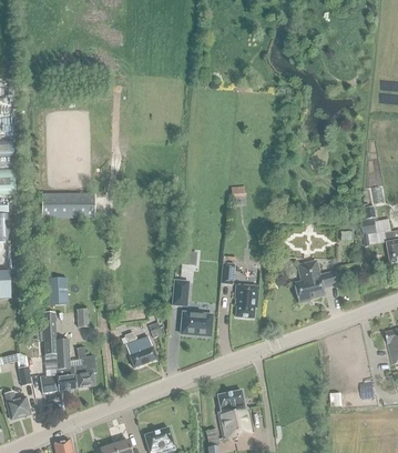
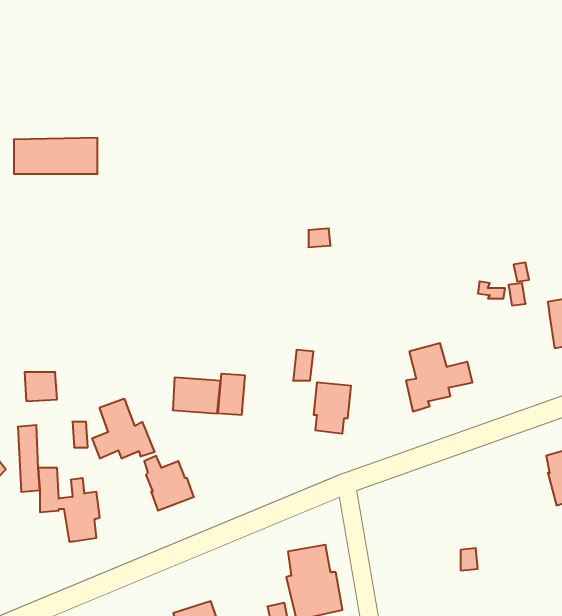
building: [41,193,95,217] -> [14,138,98,174]
building: none -> [92,399,155,459]
building: [181,312,212,335] -> [173,378,221,413]
building: [40,366,75,392] -> none

